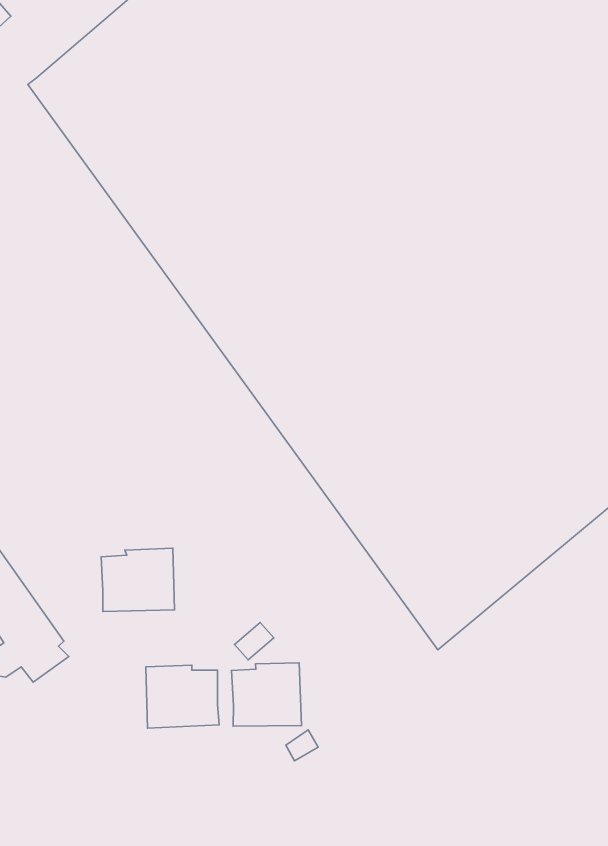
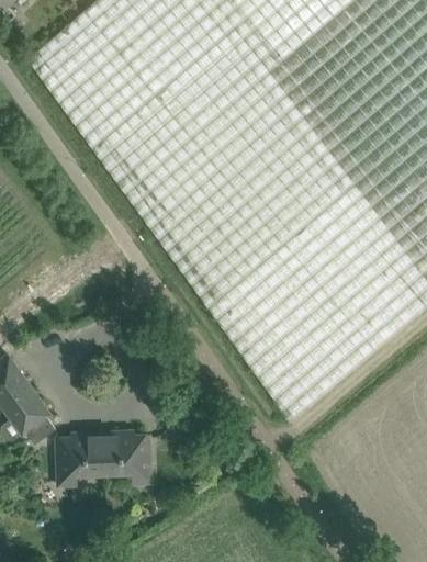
building: [101,548,174,611] -> [57,432,104,473]
building: [231,663,301,726] -> none

